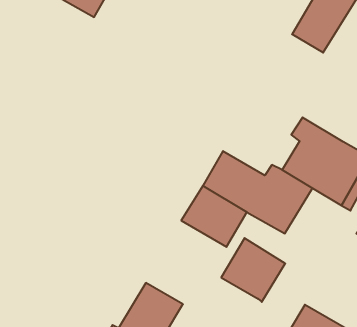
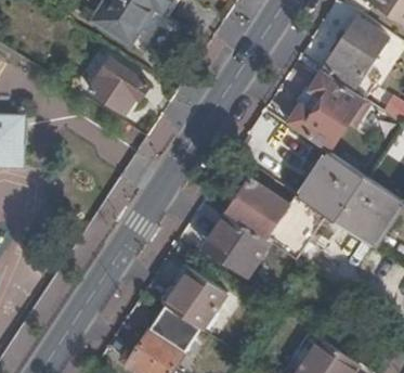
building: none -> [89,60,148,113]
building: none -> [287,73,362,150]
building: [221,238,285,302] -> [166,267,229,330]

